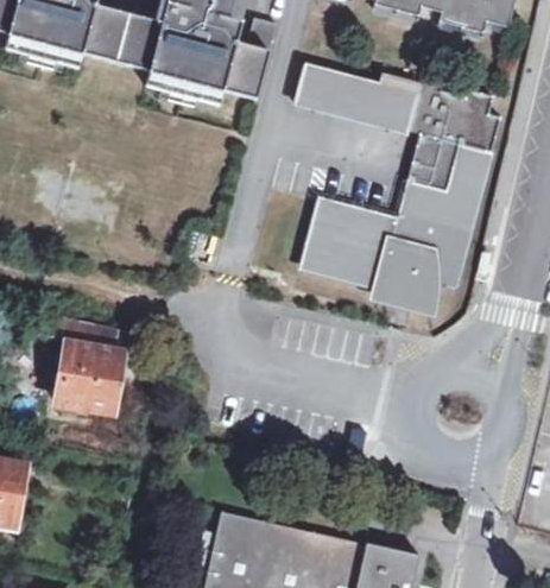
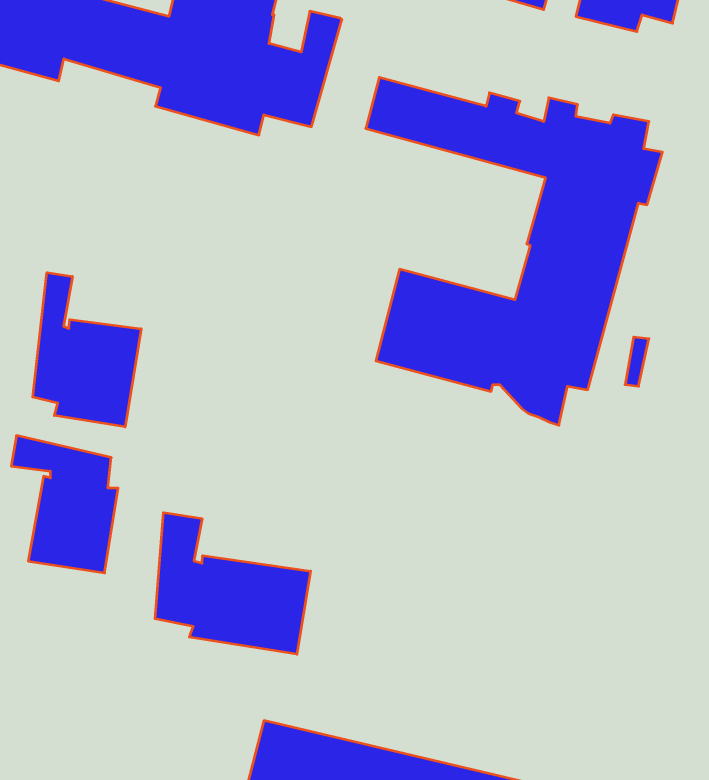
building: none -> [33,273,141,427]
building: none -> [155,513,311,654]

